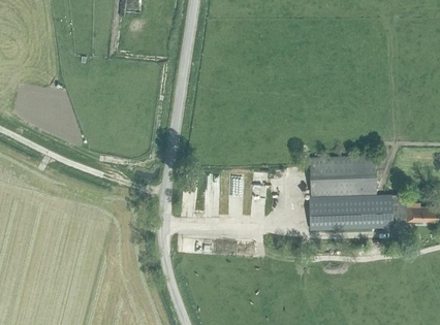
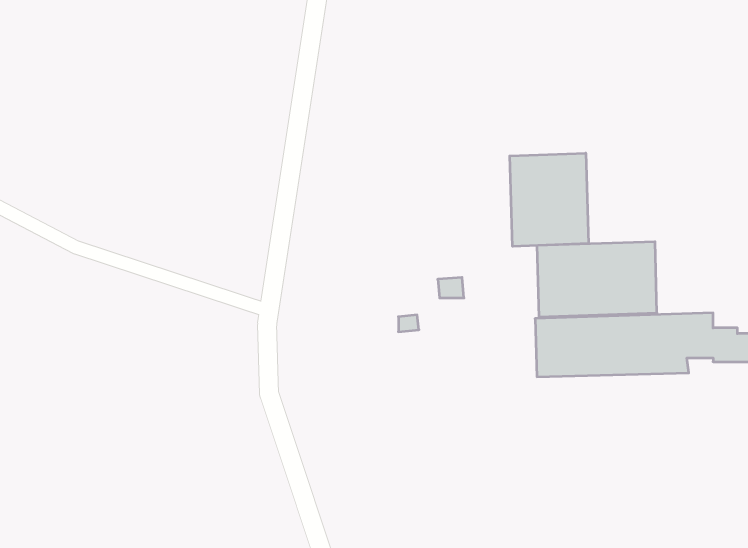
building: none -> [510,153,589,246]

